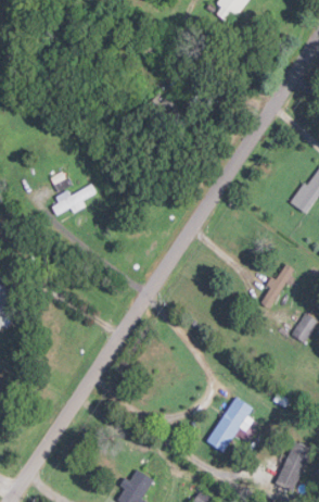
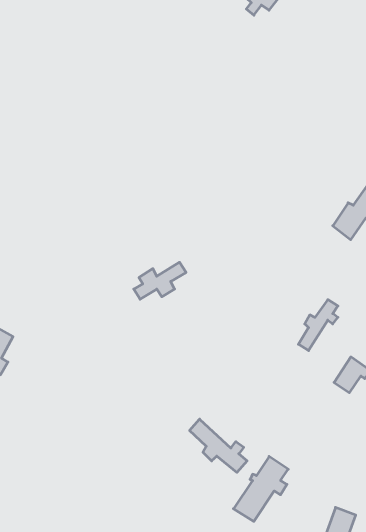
building: [50,184,94,215] -> [134,262,186,299]
building: none -> [190,419,247,472]

